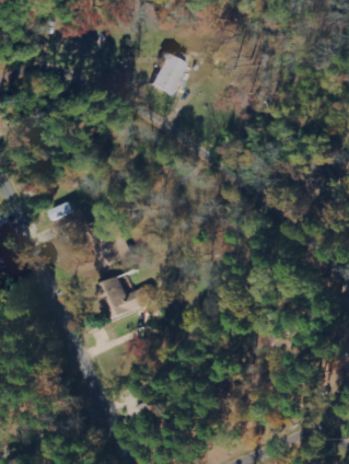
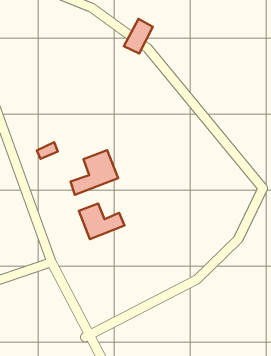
building: none -> [70,150,118,195]

